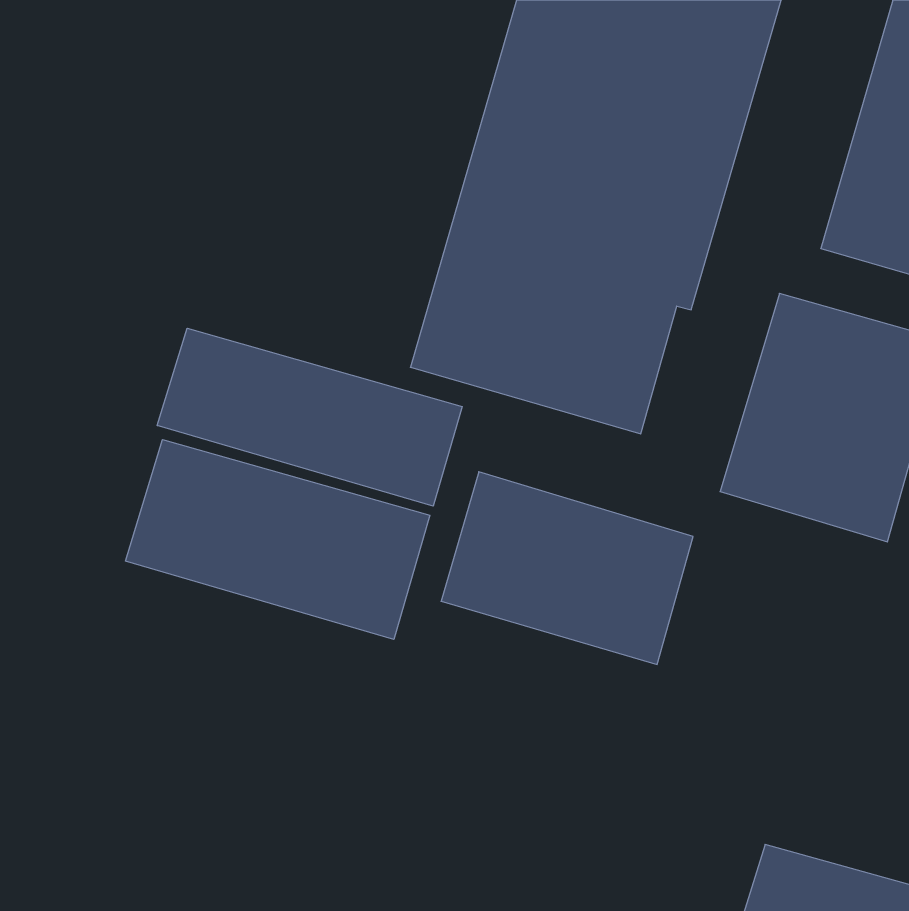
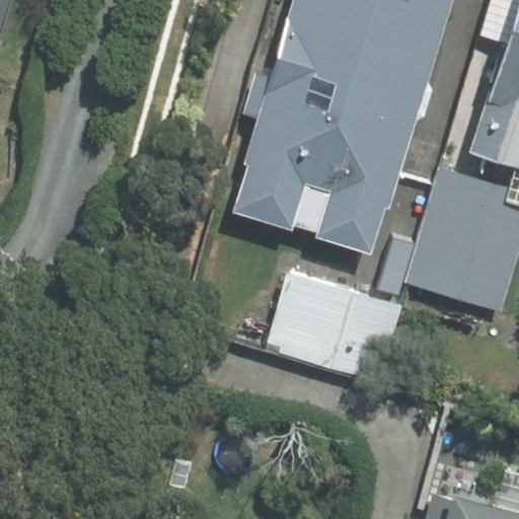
building: [157,328,462,506] -> none
building: [126,440,430,639] -> none

